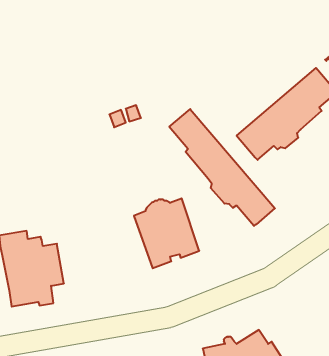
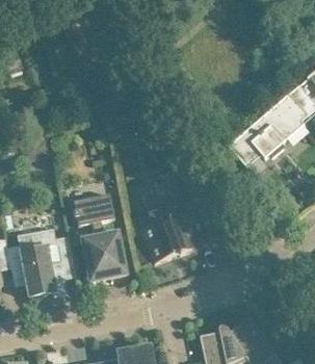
building: [169,109,275,226] -> none
building: none -> [72,193,126,283]

